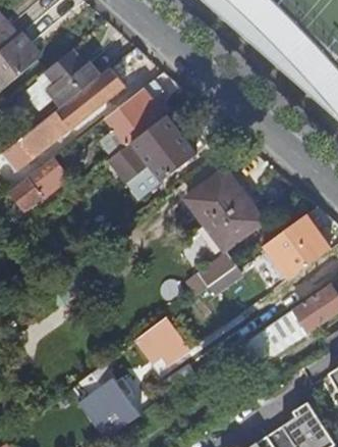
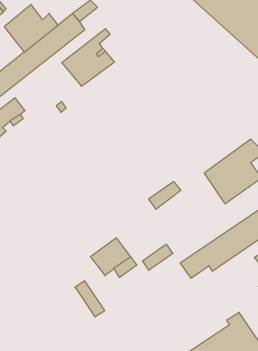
building: [109,114,196,181] -> none
building: [187,166,265,248] -> none
building: [71,366,134,424] -> none

